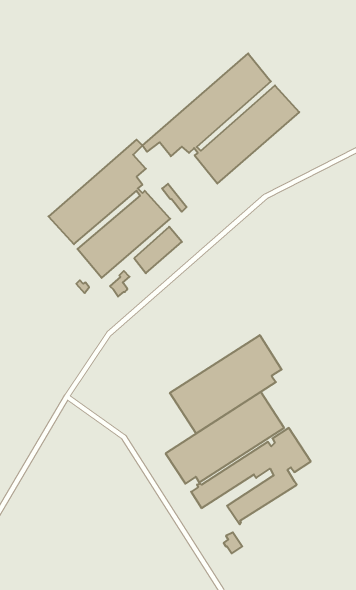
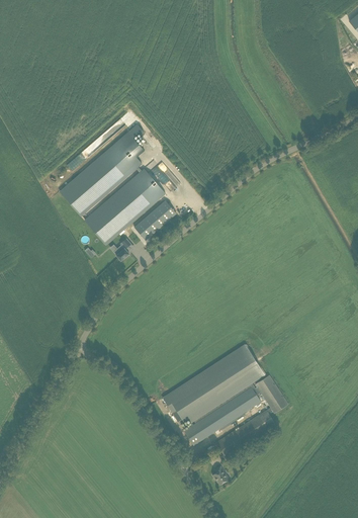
building: [142,53,299,184] -> none
building: [170,335,282,434] -> none

